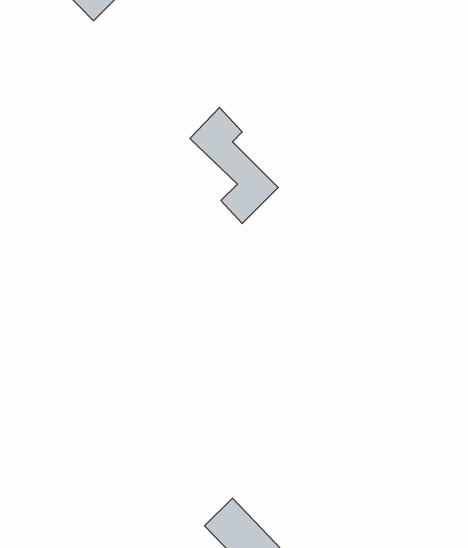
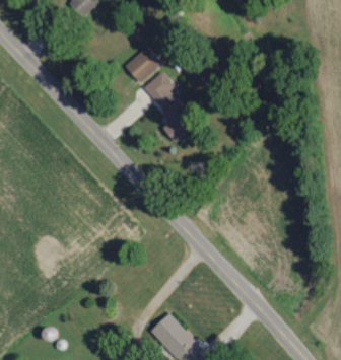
building: none -> [124,47,160,82]

